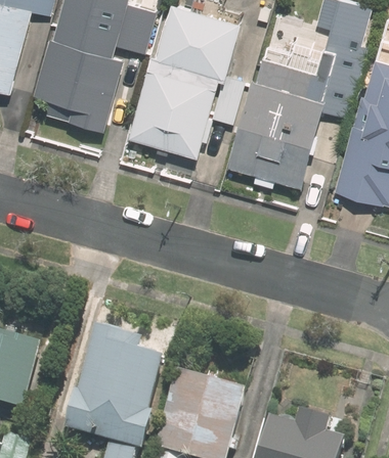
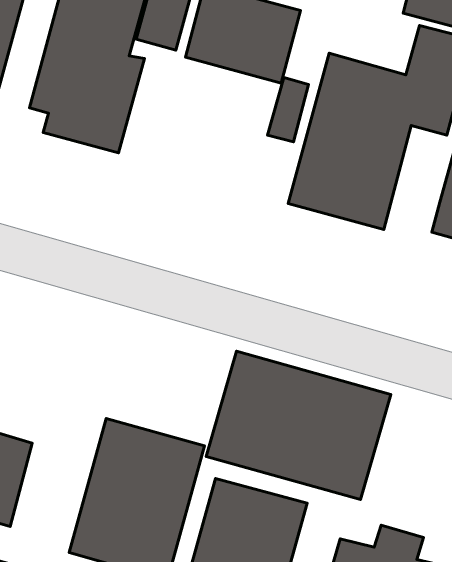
building: [126,70,215,156] -> none
building: none -> [206,351,391,500]

